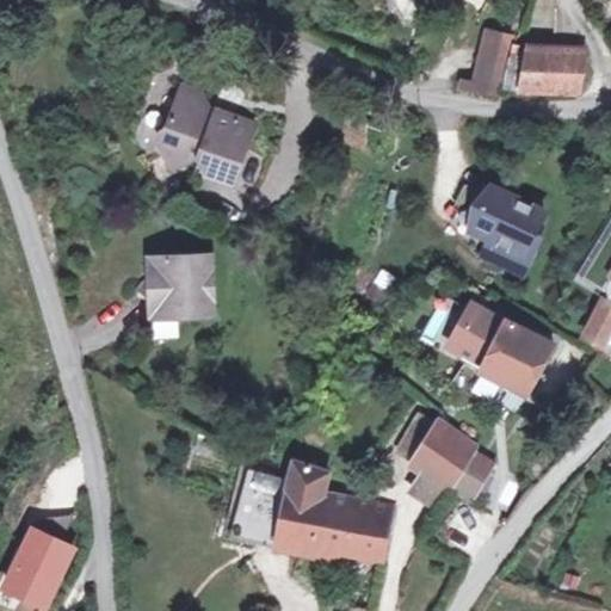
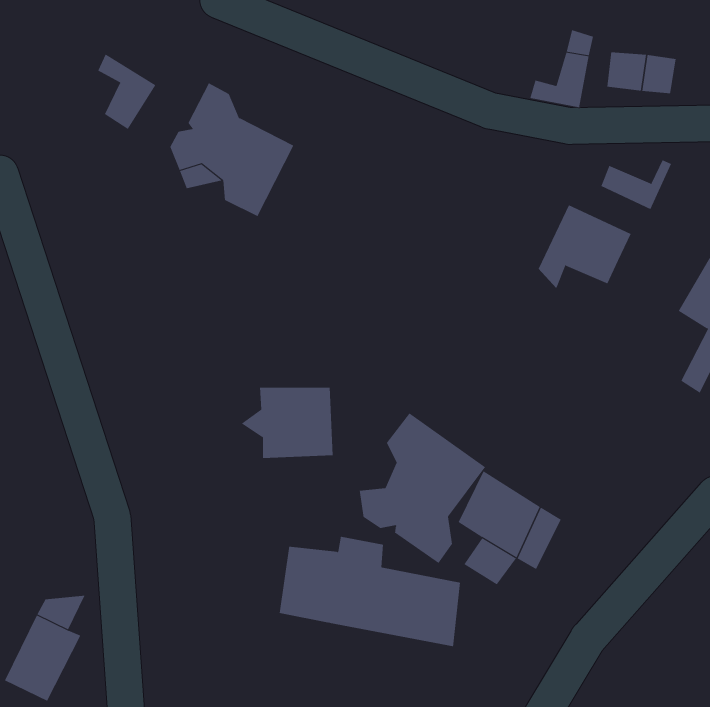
building: none -> [97,53,156,130]
building: [480,229,541,272] -> [601,159,672,210]
building: [138,264,217,325] -> [241,387,333,458]
building: [451,301,550,389] -> none
building: none -> [359,412,486,564]

